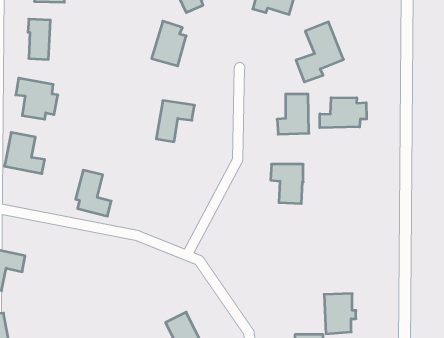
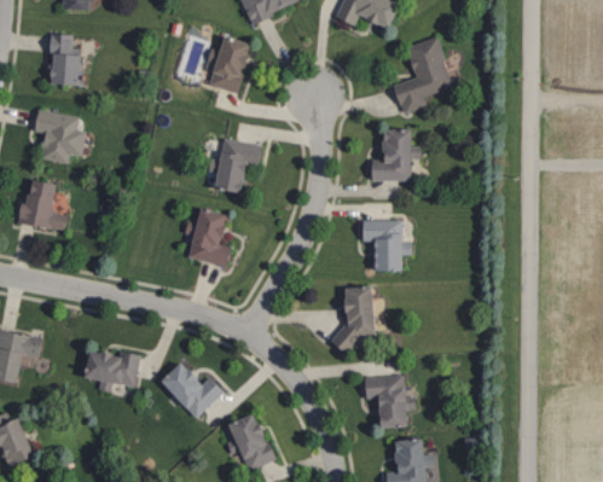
building: [320,98,367,128] -> none
building: [76,170,111,216] -> [189,208,234,267]
building: none -> [334,285,372,348]
building: none -> [81,350,140,391]
building: none -> [158,361,226,419]
building: [324,294,356,334] -> [370,376,411,428]

